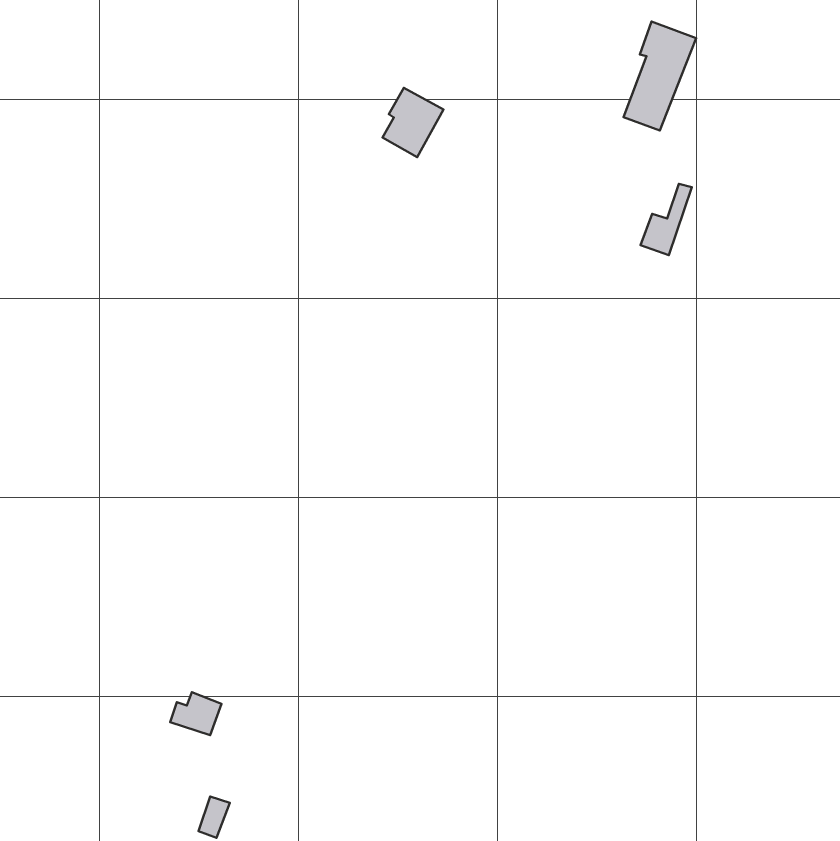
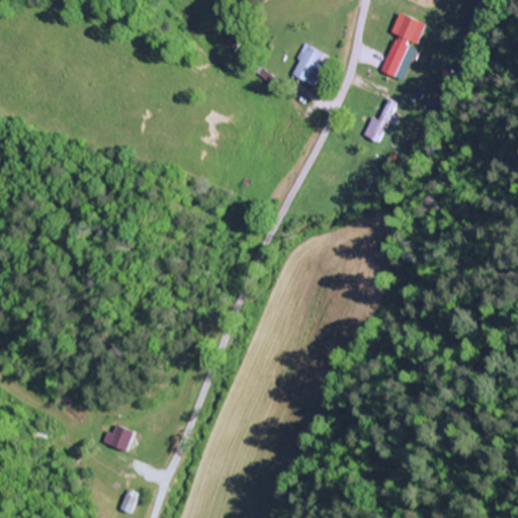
building: [382,88,444,157] -> [291,44,329,86]
building: [641,184,692,255] -> [363,99,395,143]

